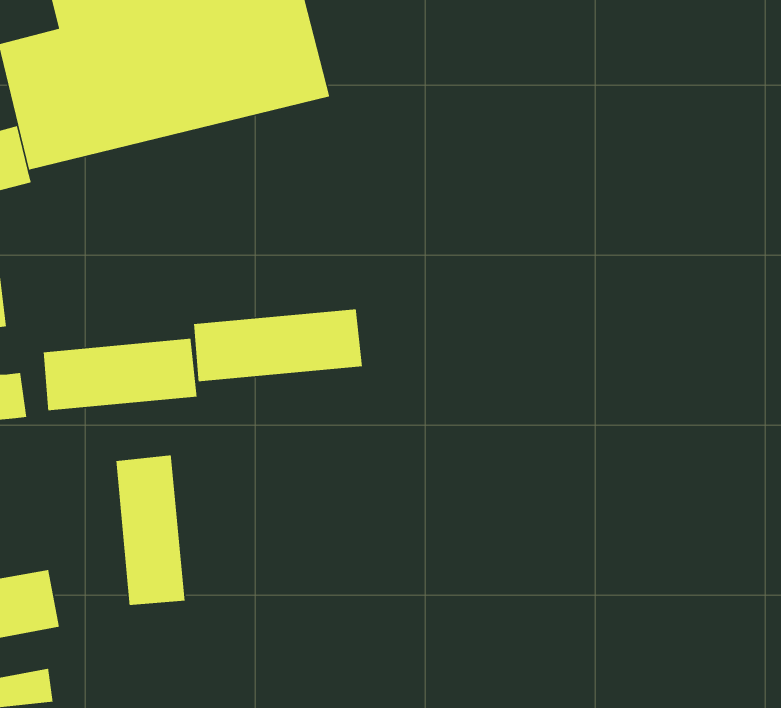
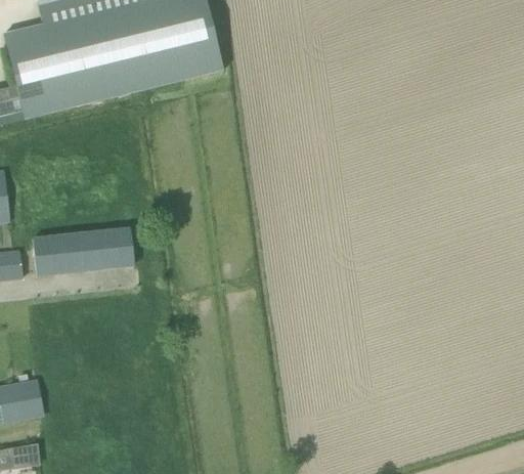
building: [193,308,363,382] -> none
building: [115,455,185,606] -> none

